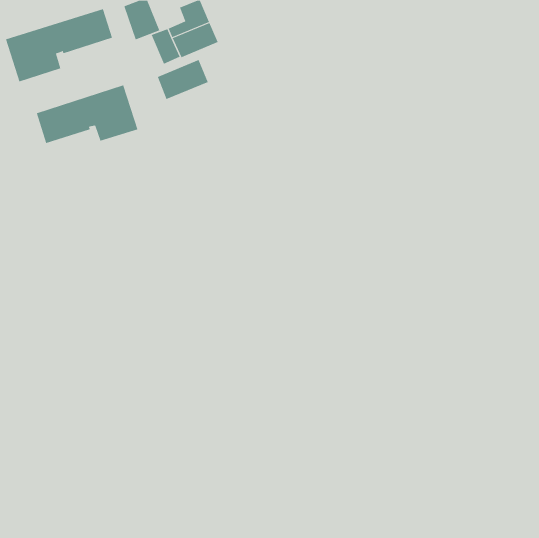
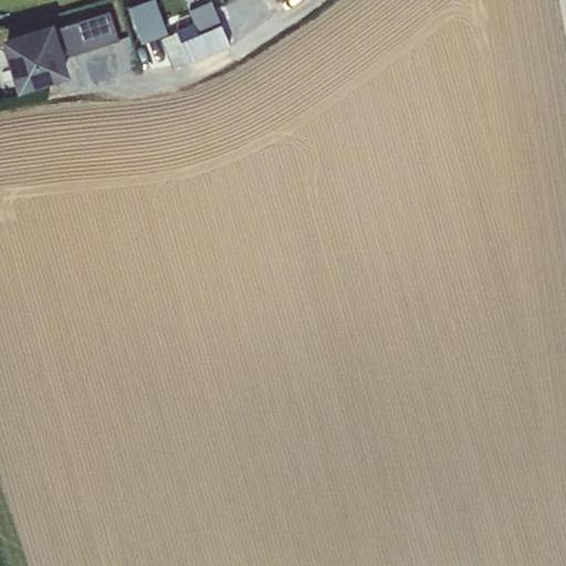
building: [157,59,209,100] -> none
building: [36,84,138,144] -> none

